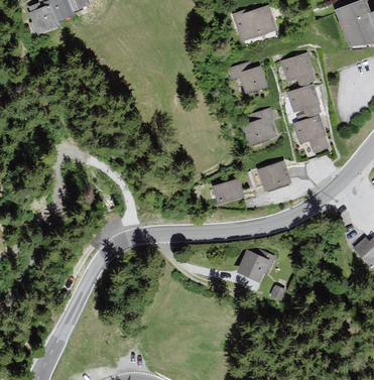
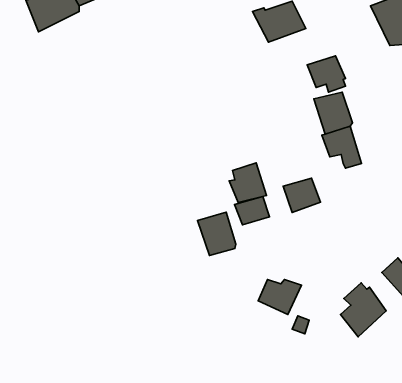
building: [228,60,269,95] -> none
building: [244,109,277,144] -> [229,163,266,202]
building: none -> [197,212,236,256]
building: none -> [340,283,386,337]

